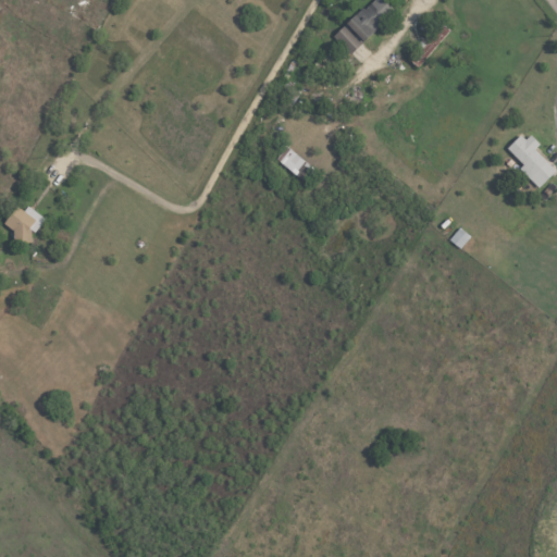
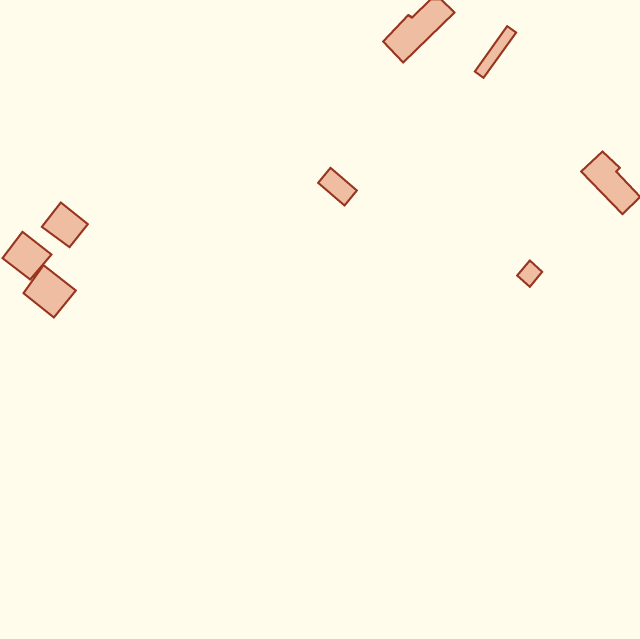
building: none -> [42,203,88,247]
building: none -> [23,265,76,317]

